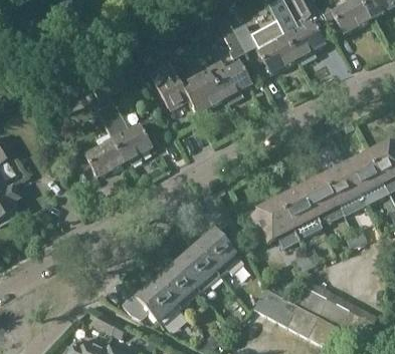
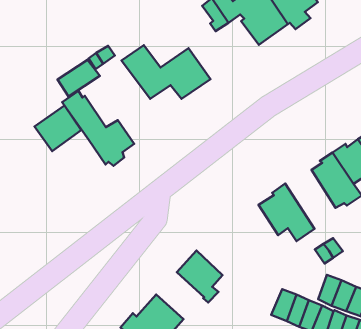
building: [207,59,251,104] -> none
building: [84,139,125,178] -> [34,106,81,151]
building: [278,188,323,239] -> none
building: [195,228,244,275] -> none
building: [156,263,197,309] -> none

